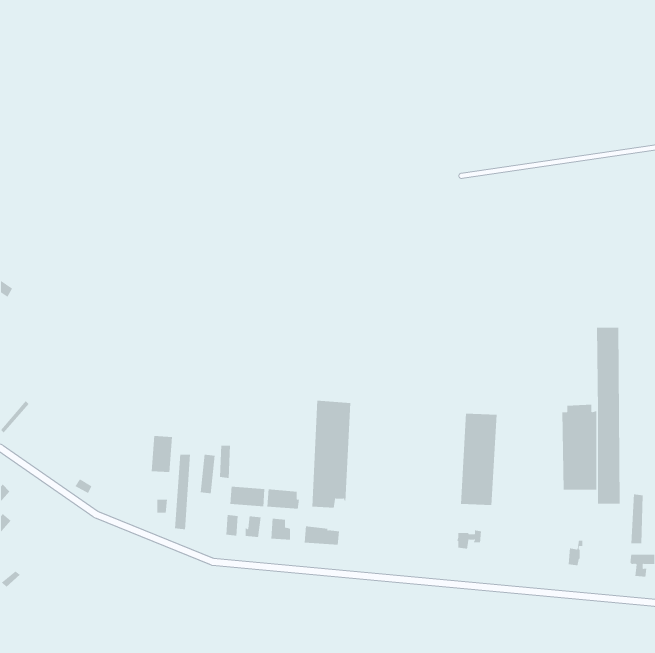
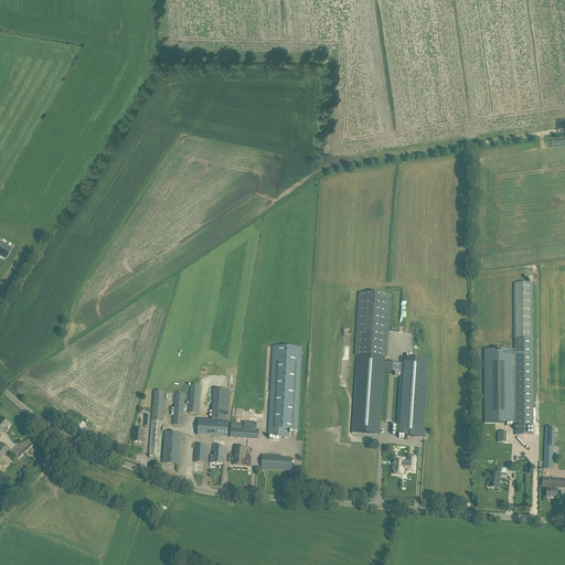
building: none -> [352,292,392,434]
building: [151,435,173,473] -> [163,431,182,463]
building: none -> [212,387,231,418]

